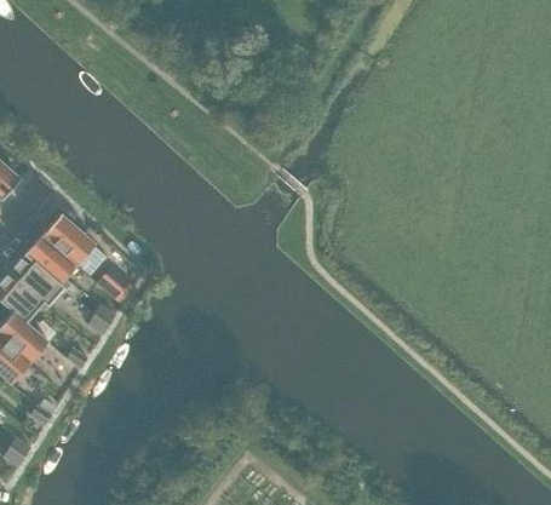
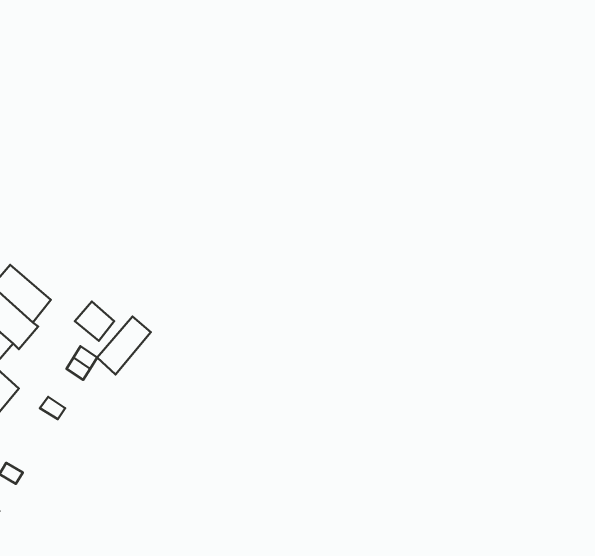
building: [40,213,94,265] -> none
building: none -> [97,317,151,374]

